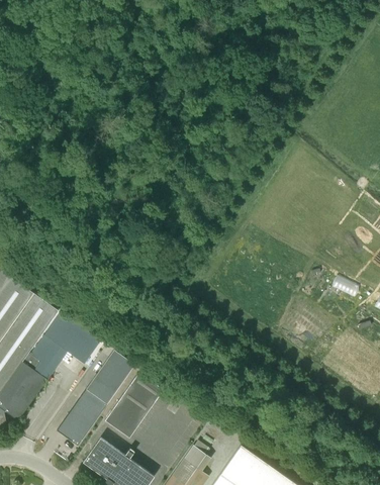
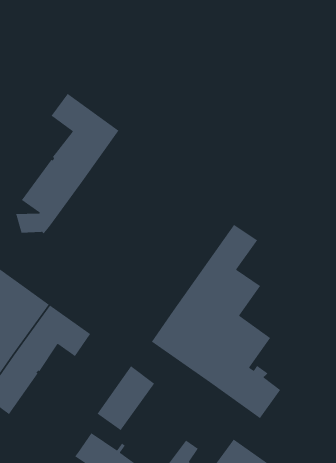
building: none -> [15,93,119,235]
building: none -> [151,224,281,419]
building: [57,351,133,445] -> none

